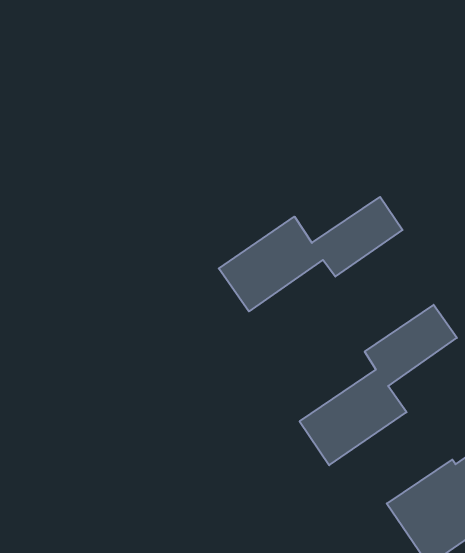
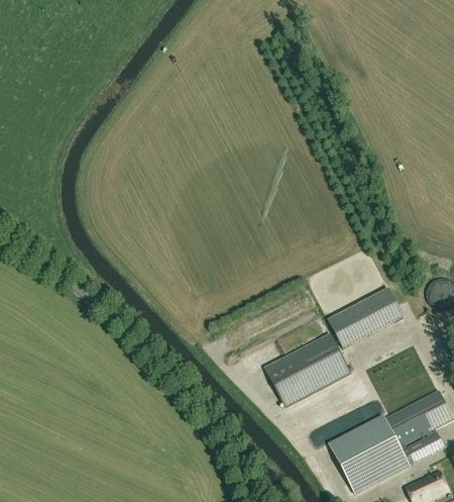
building: [219,197,403,311] -> none

